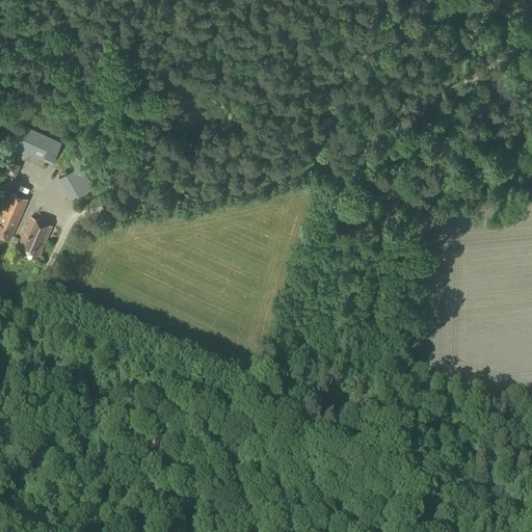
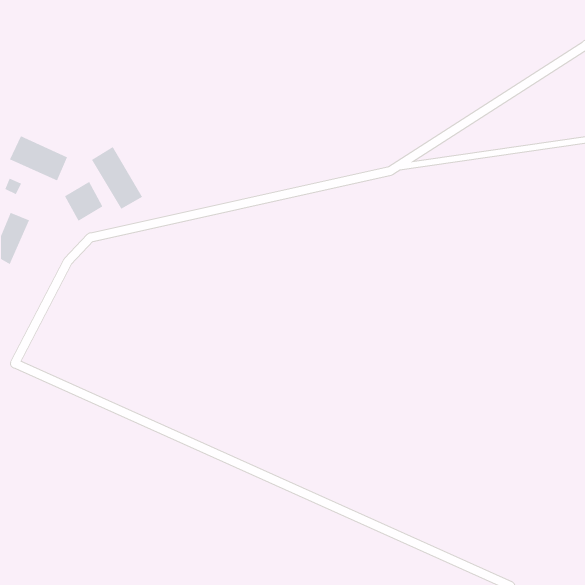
building: none -> [91,146,143,209]
building: [19,217,52,257] -> none

